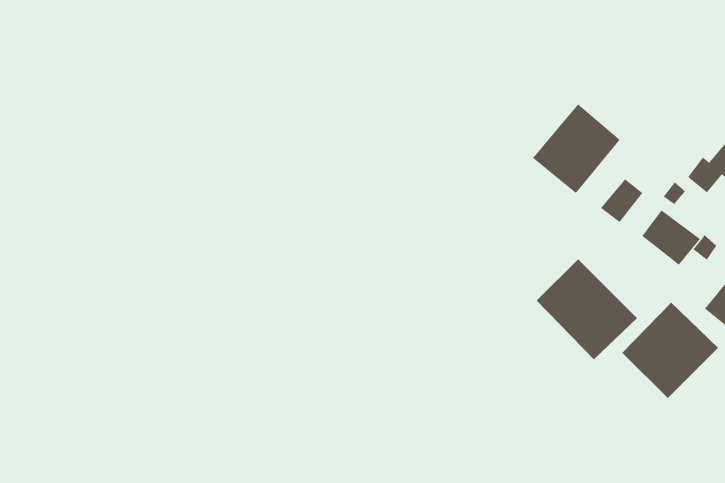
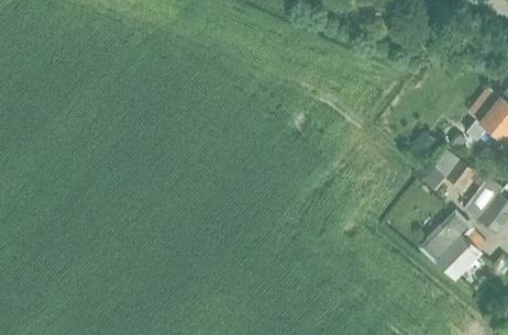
building: [532,103,620,194] -> none
building: [536,258,638,360] -> none

